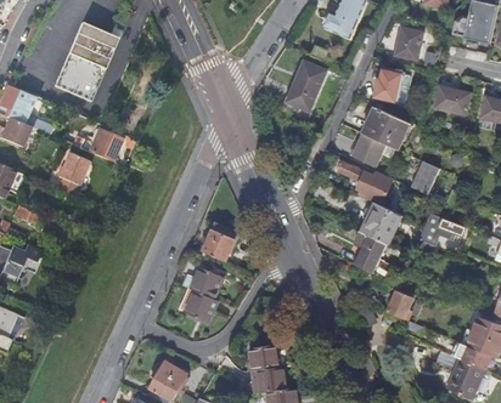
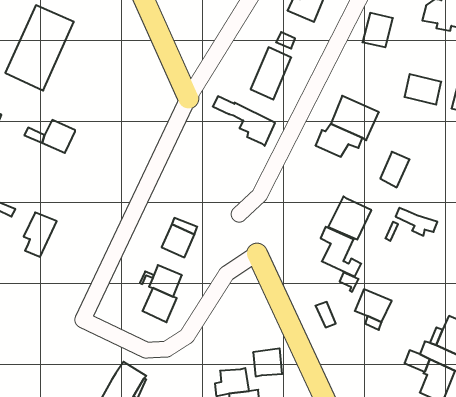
building: [373,68,403,103] -> none
building: [56,152,88,194] -> [24,212,57,257]
building: [330,158,389,205] -> [213,96,275,146]
building: [249,344,277,370] -> [253,348,282,376]

